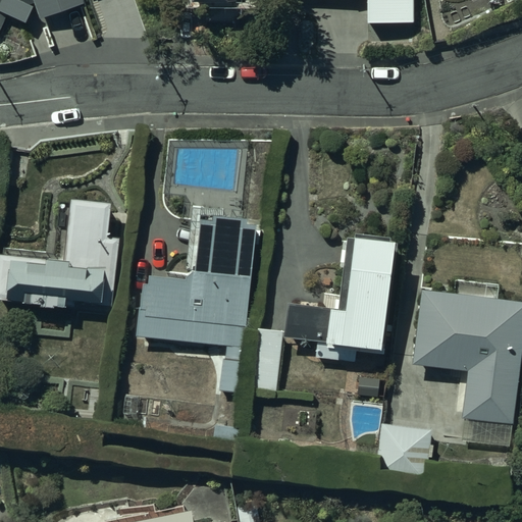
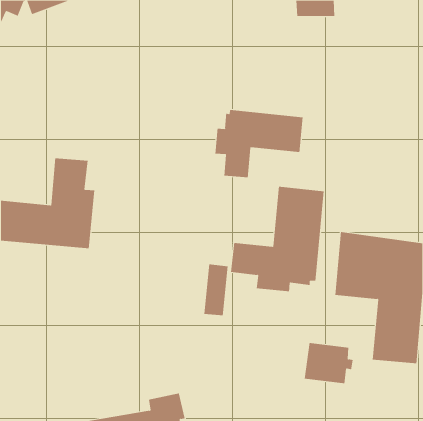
building: none -> [215,109,303,178]
building: [135,214,261,396] -> none

